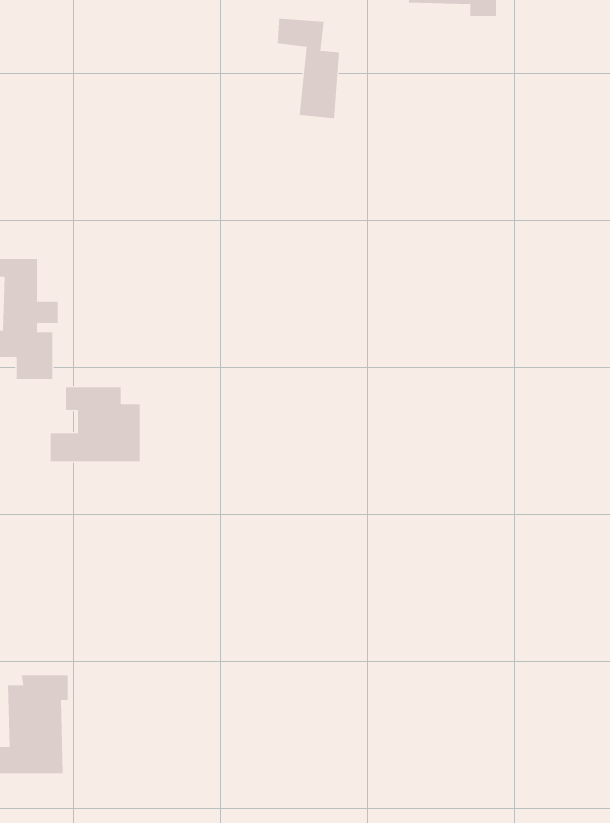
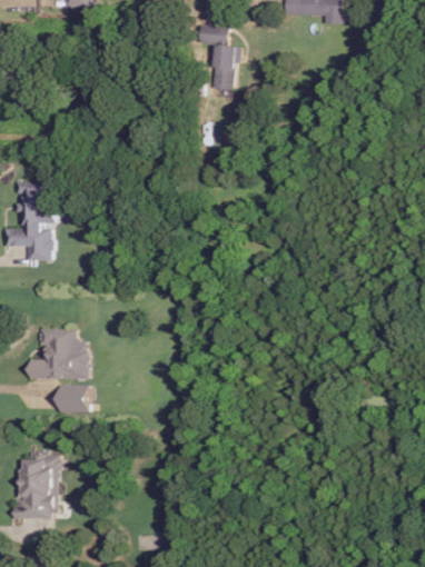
building: [50,387,140,462] -> [29,329,88,378]
building: none -> [59,385,89,411]

